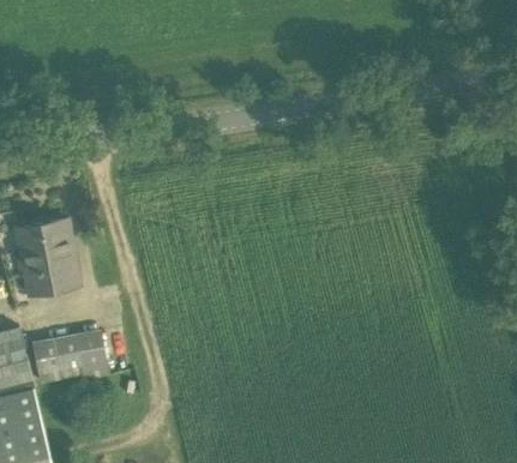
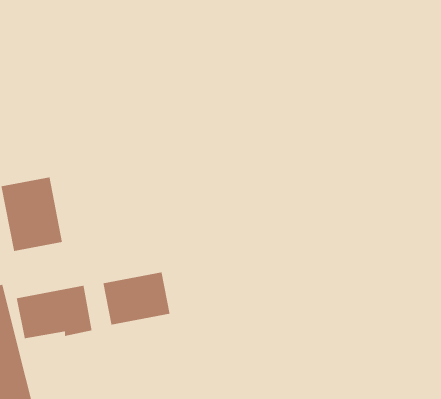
building: none -> [102,272,171,325]

